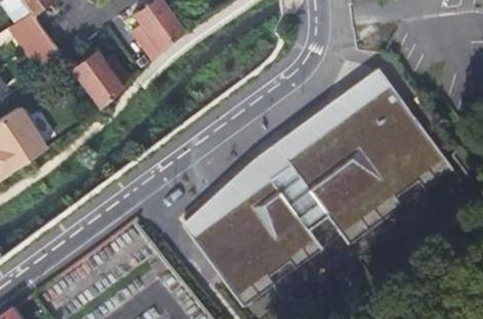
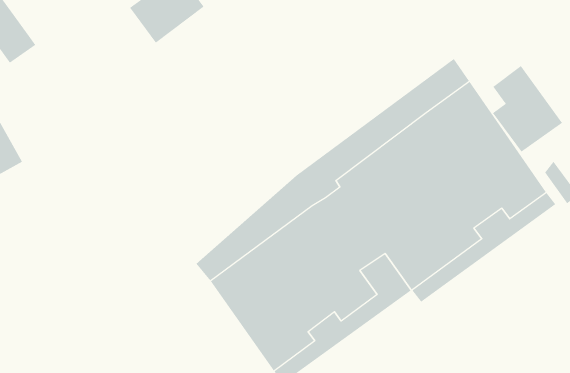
building: [73,41,136,104] -> none
building: none -> [492,65,563,153]

